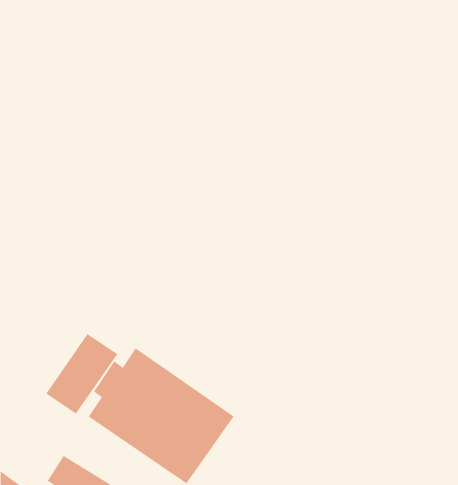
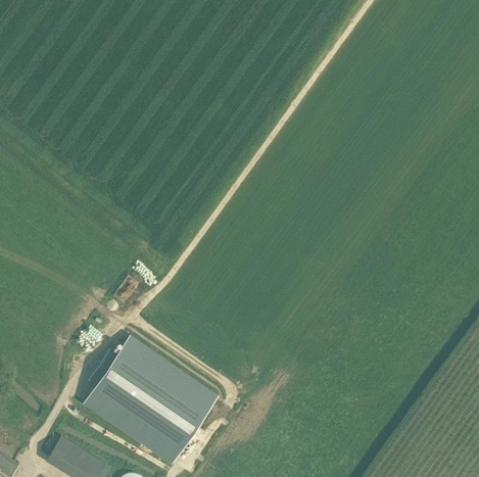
building: [46,333,118,414] -> none

